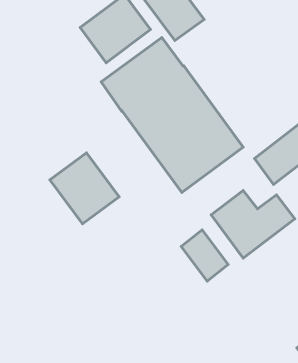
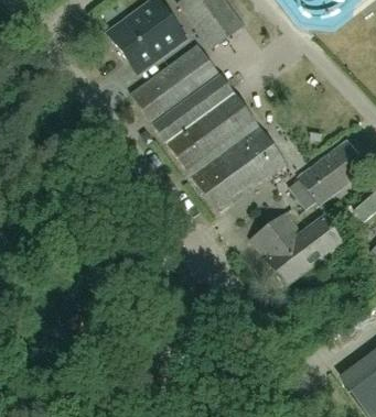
building: [50,153,119,224] -> none
building: [181,230,228,281] -> none

